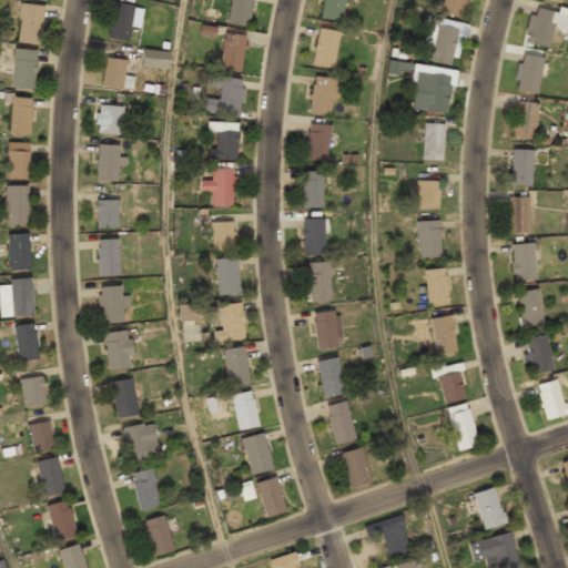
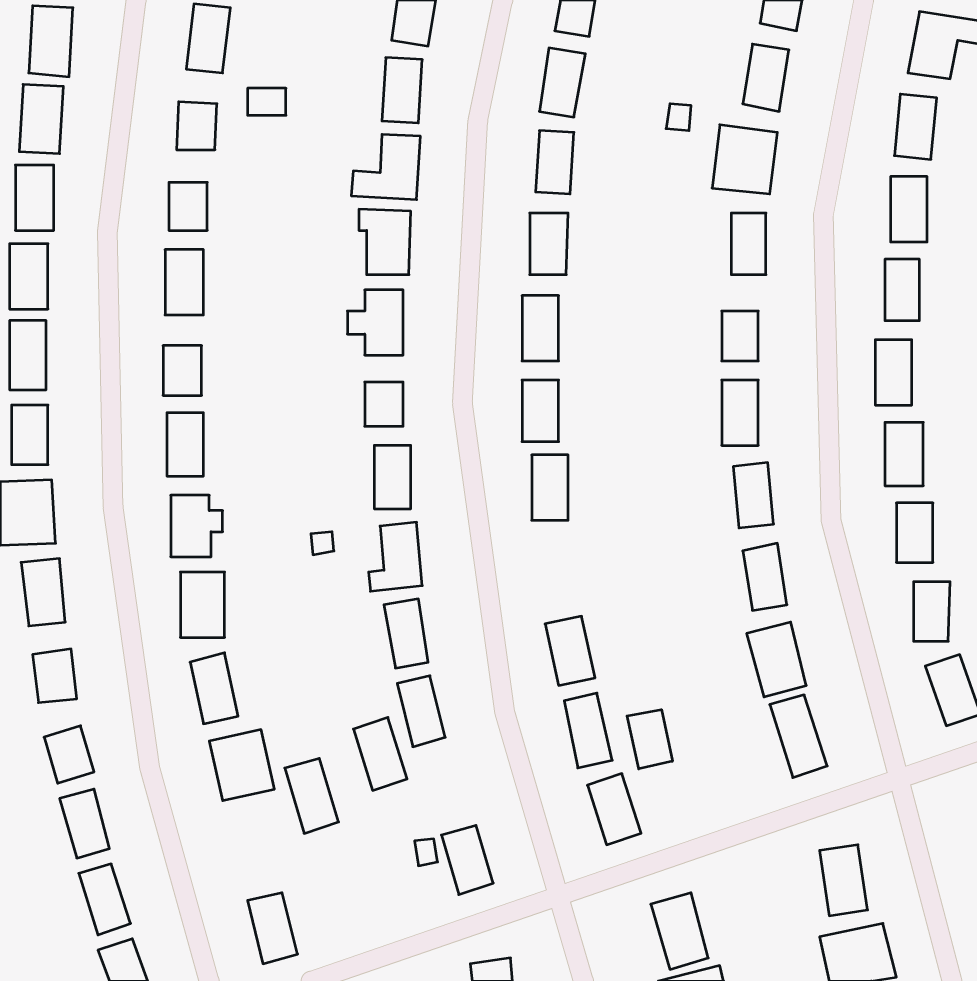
building: [314,308,344,347] -> none
building: none -> [627,710,672,769]
building: [243,433,274,475] -> [353,717,407,790]
building: [131,468,162,511] -> [285,758,339,833]

